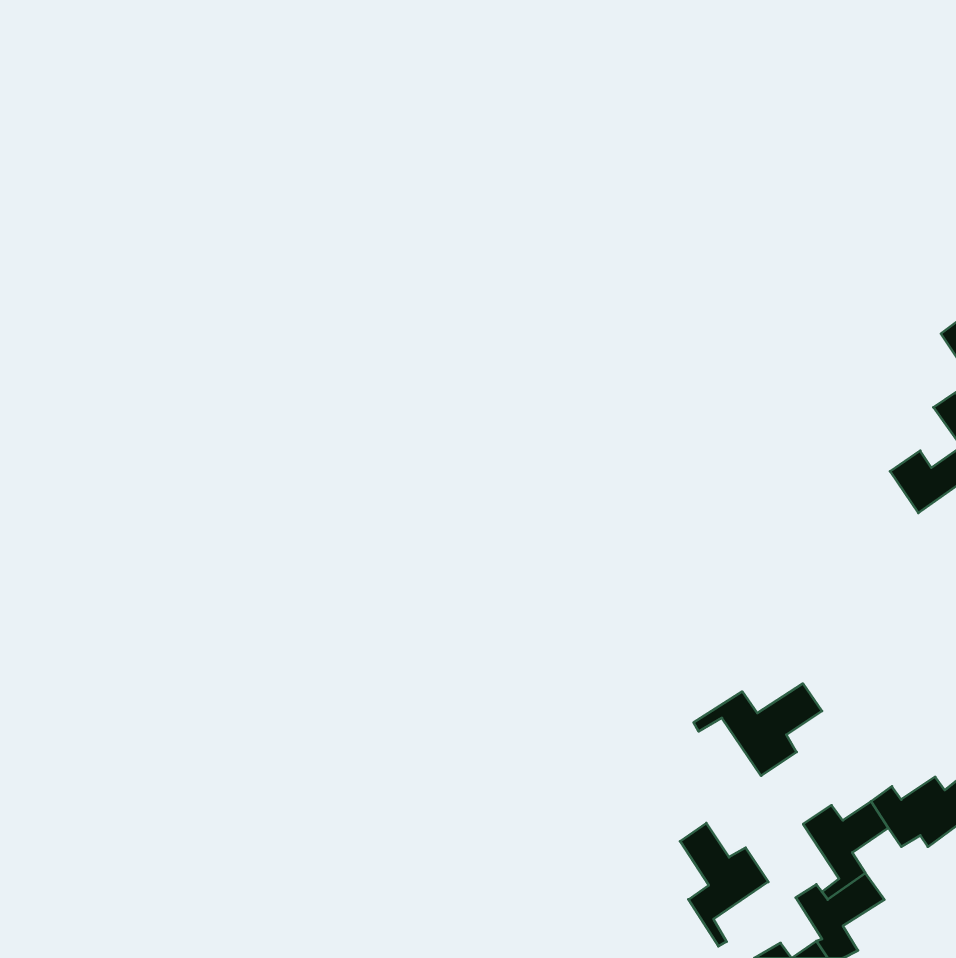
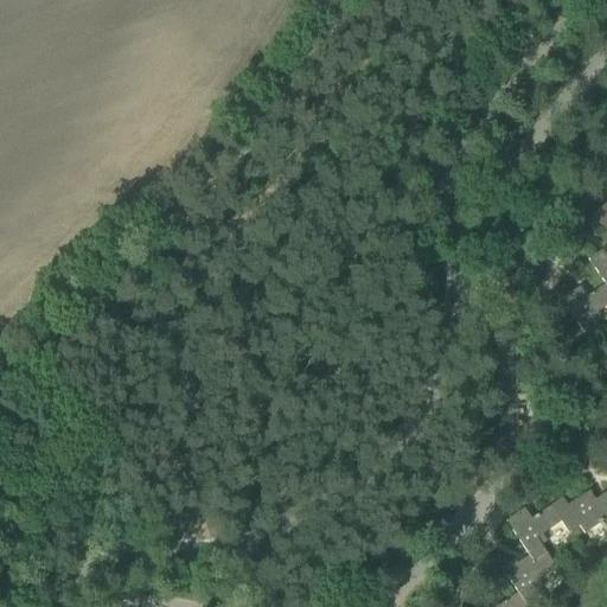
building: [694,684,822,776] -> none
building: [680,823,768,946] -> none

